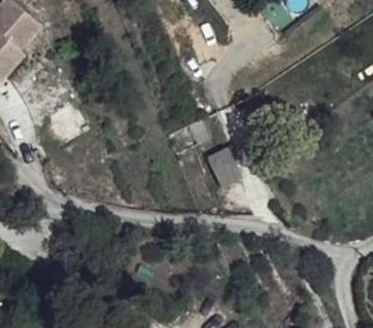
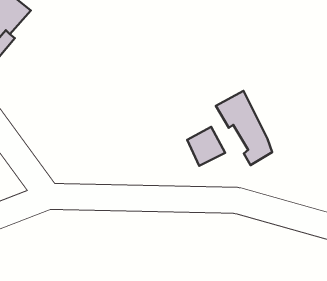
building: none -> [216,91,272,165]

